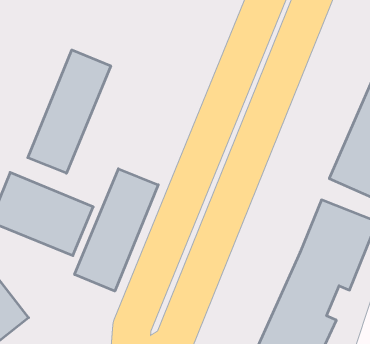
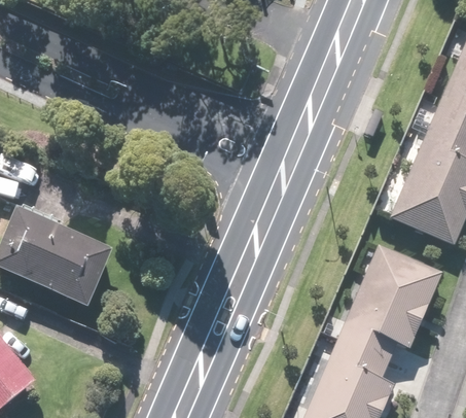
building: [28,50,111,173] -> none
building: [75,169,158,291] -> none

